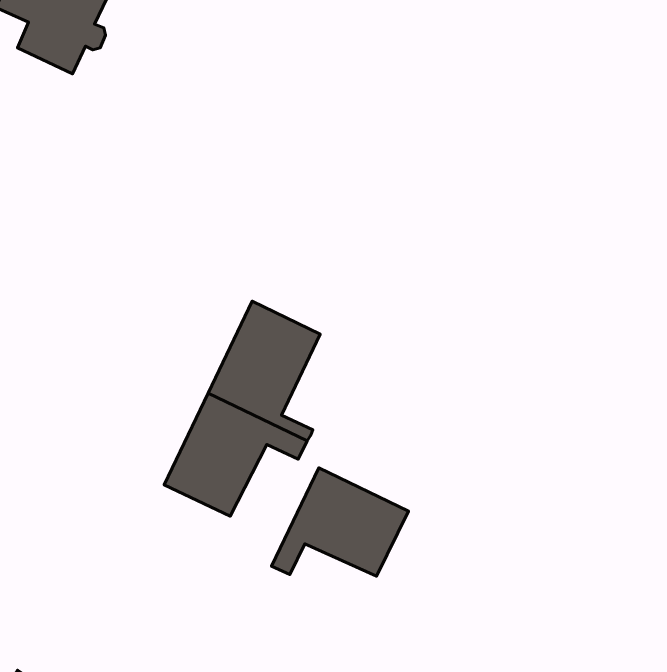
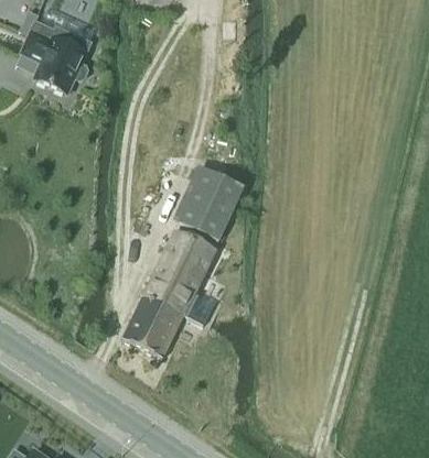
building: none -> [173,164,244,240]
building: [272,468,408,576] -> none

